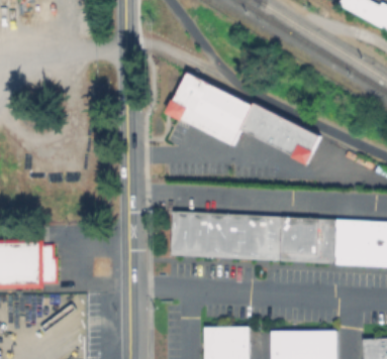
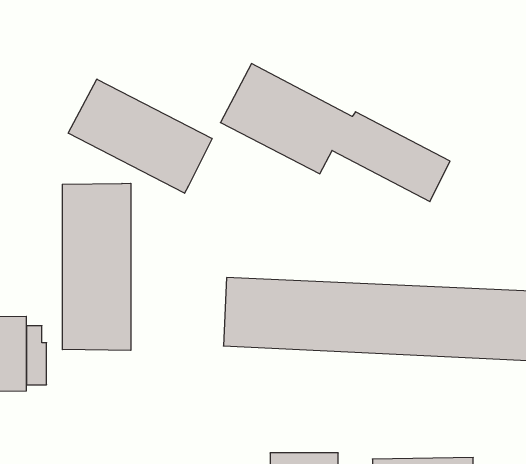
building: none -> [68,79,212,193]
building: none -> [62,183,131,350]

